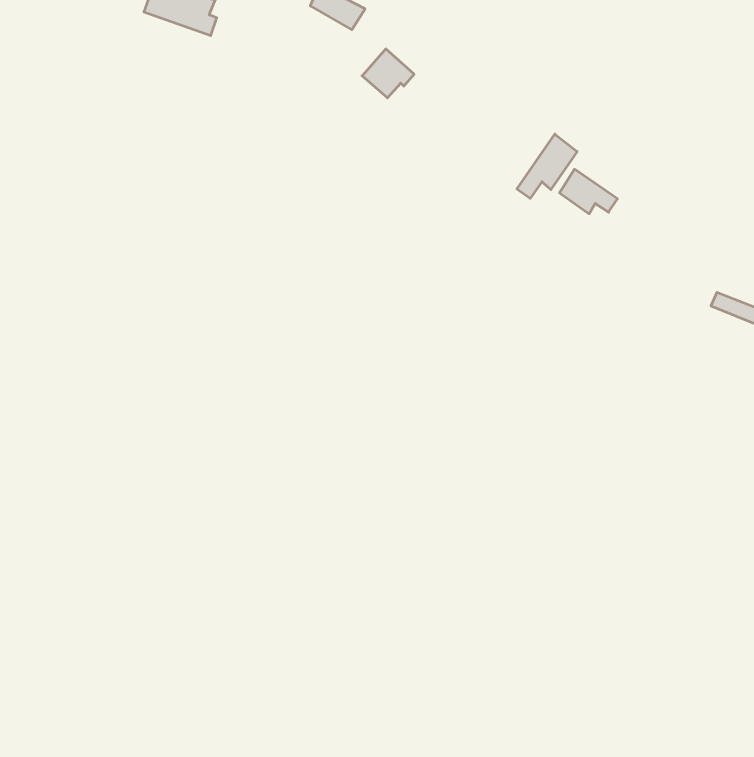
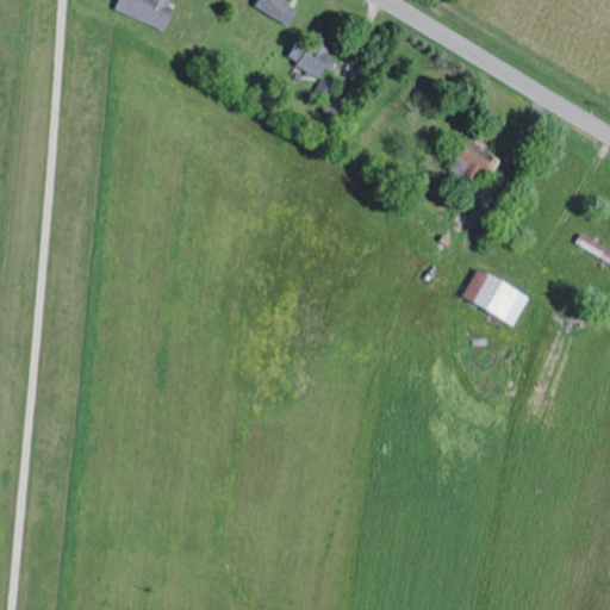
building: [517,134,577,198] -> none
building: none -> [460,270,529,325]

